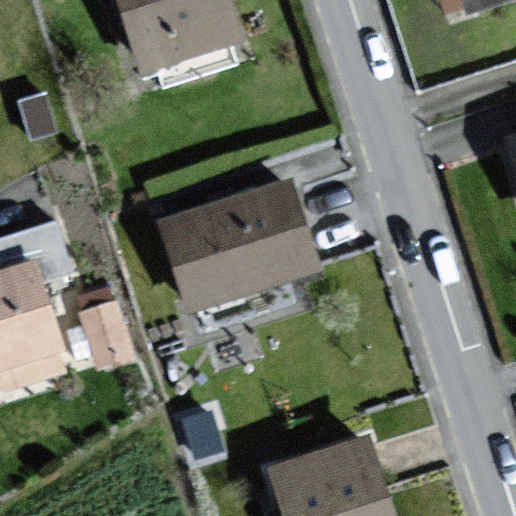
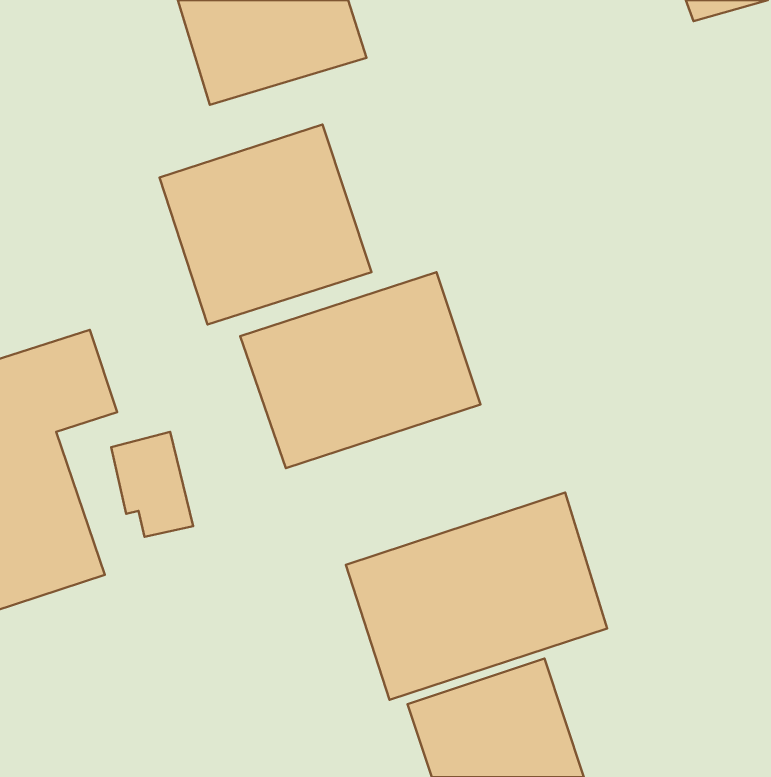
building: none -> [159,125,371,324]
building: none -> [346,492,607,700]

